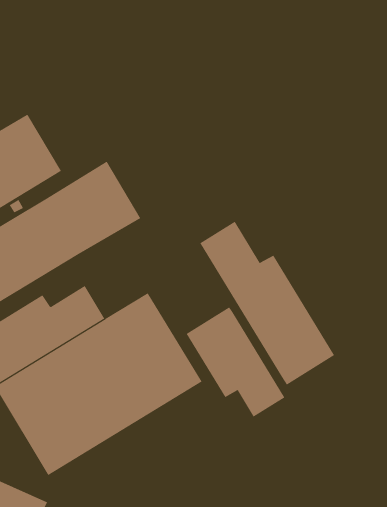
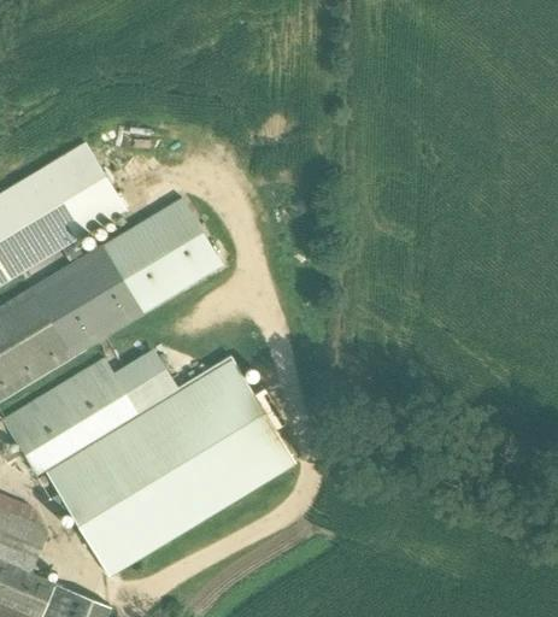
building: [200,221,335,385] -> none
building: [186,306,285,418] -> none

